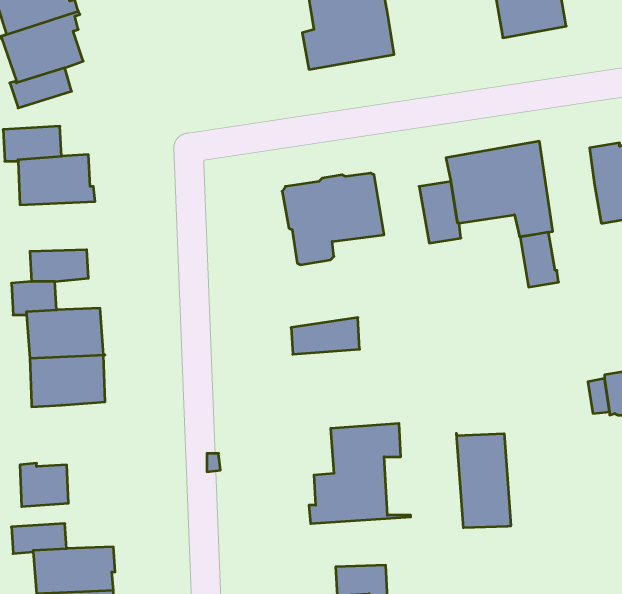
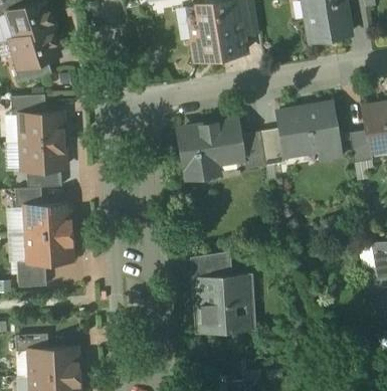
building: none -> [236,131,267,168]
building: none -> [21,140,66,171]
building: [520,232,559,287] -> [350,130,373,163]
building: [291,318,360,354] -> [191,251,232,273]
building: [456,433,511,528] -> none
building: [20,463,68,507] -> [18,261,47,287]

